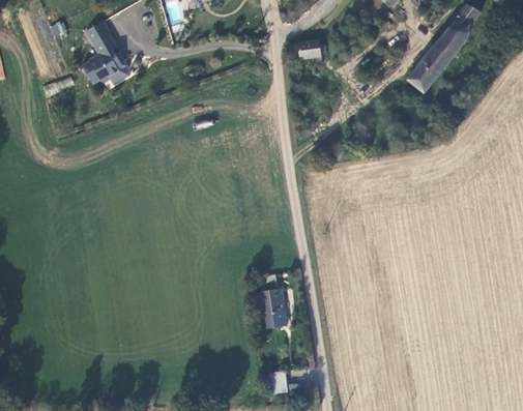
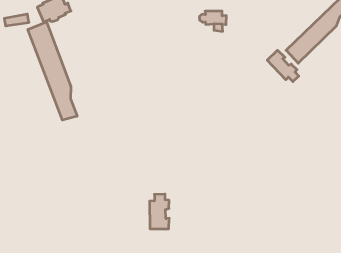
building: none -> [267,50,299,82]
building: none -> [28,22,77,120]

